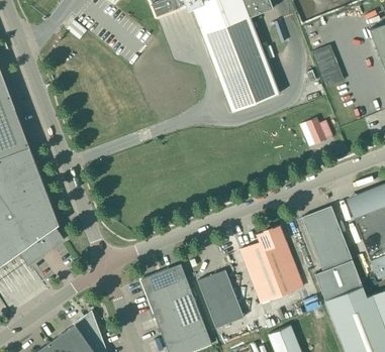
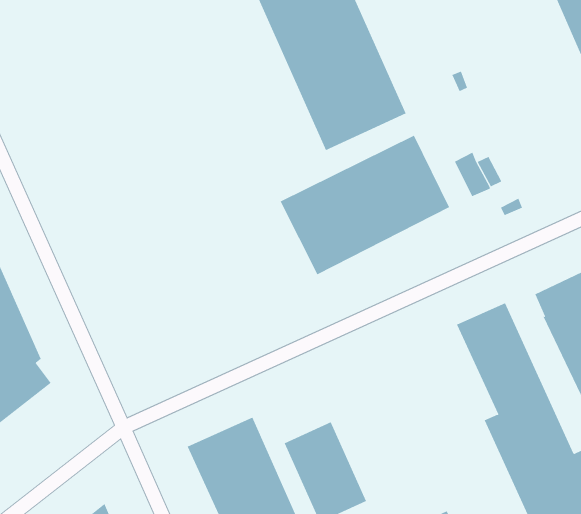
building: [311,40,345,84] -> none
building: none -> [280,135,450,275]
building: [239,226,303,304] -> none

